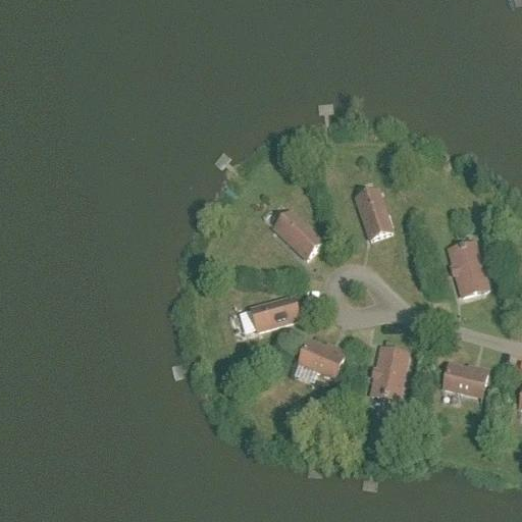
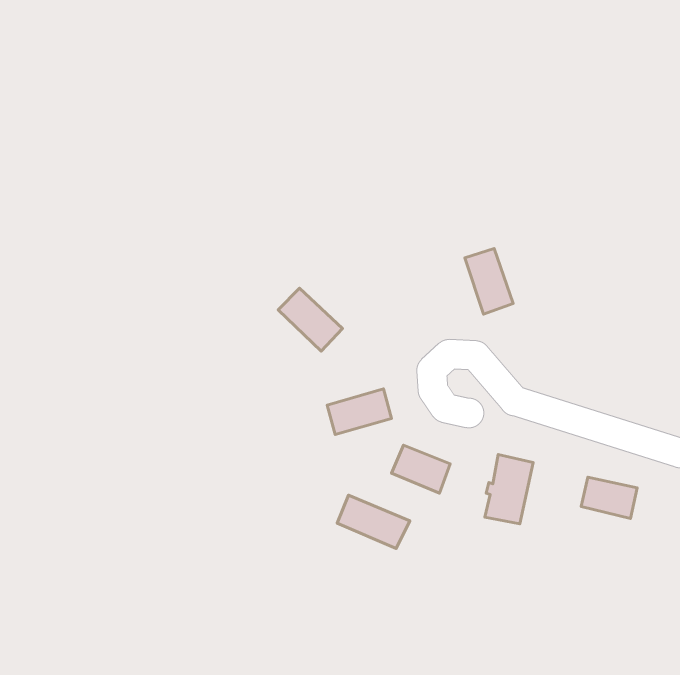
building: [273,211,322,259] -> [278,288,342,351]
building: [448,242,487,296] -> none
building: none -> [337,495,410,549]

